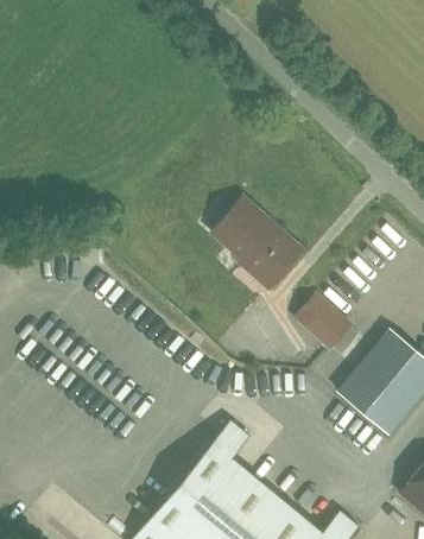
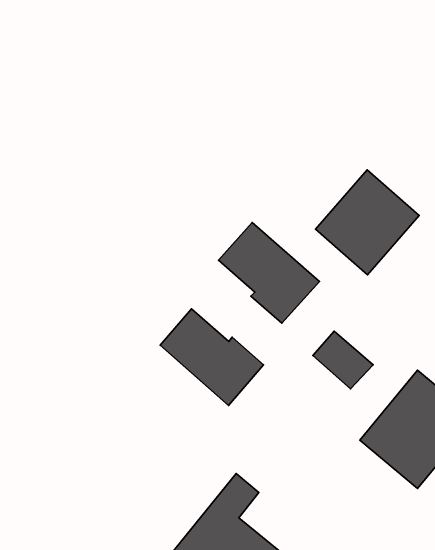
building: none -> [315,170,419,275]
building: none -> [160,309,263,405]

